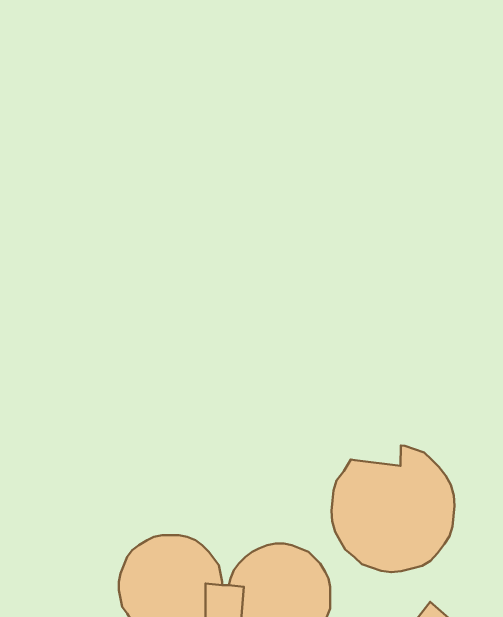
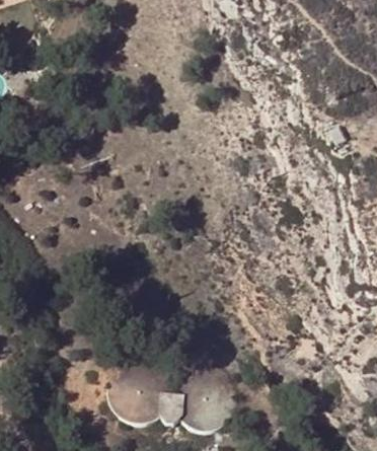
building: [331,445,455,572] -> none

